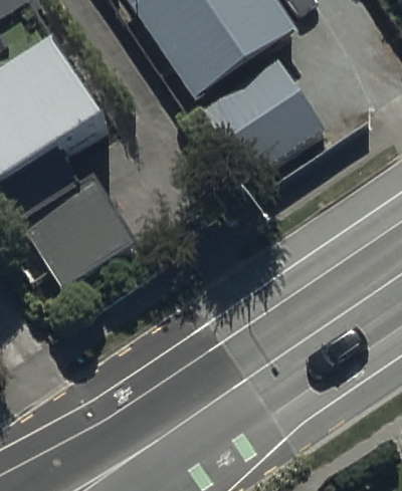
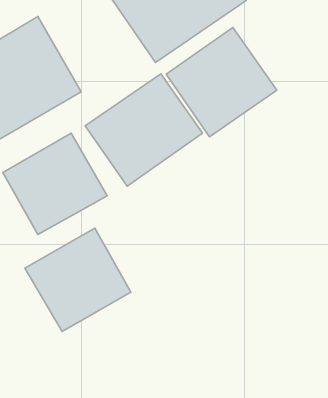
building: none -> [85,74,202,186]
building: none -> [25,228,131,332]

